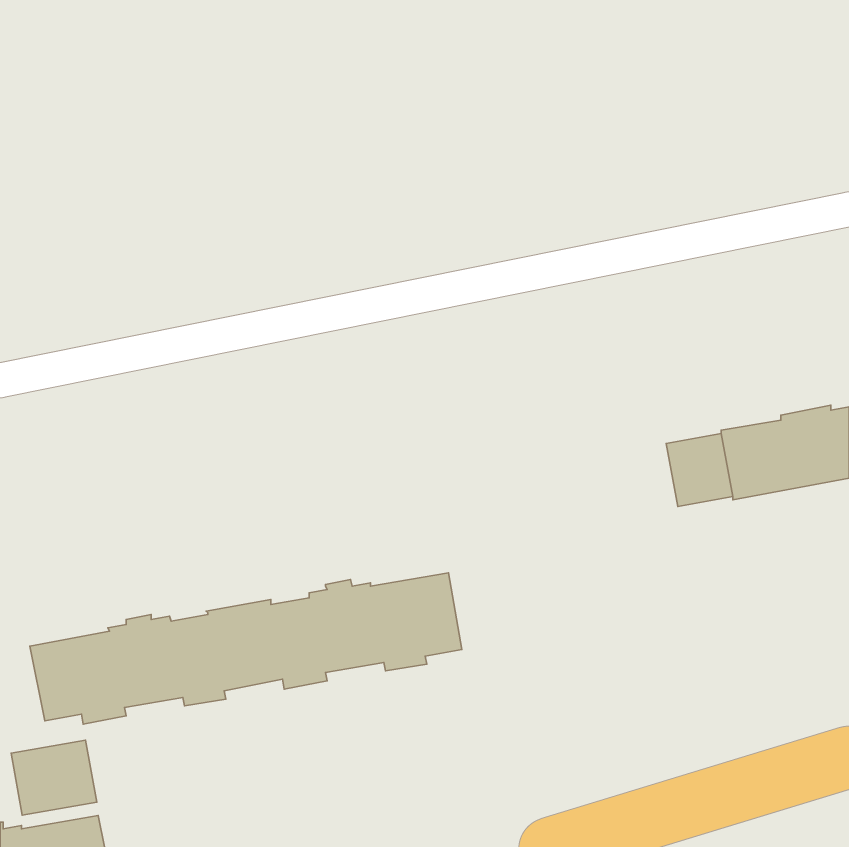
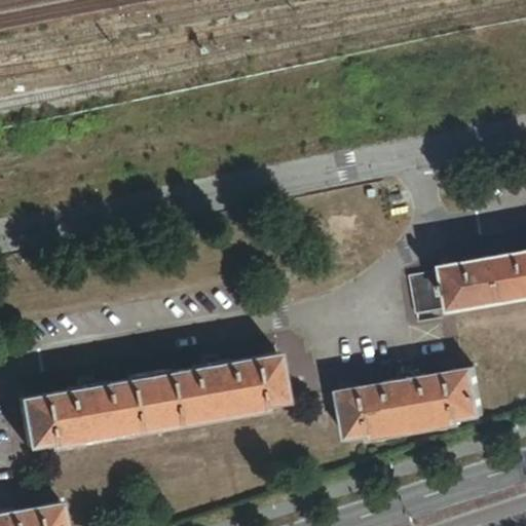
building: none -> [341,369,483,442]
building: [11,740,97,815] -> none

